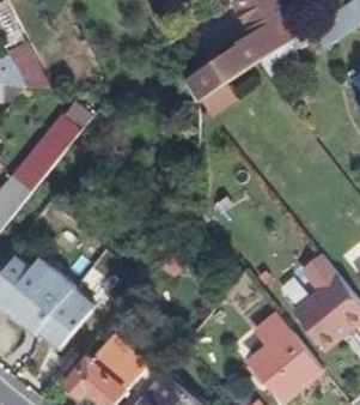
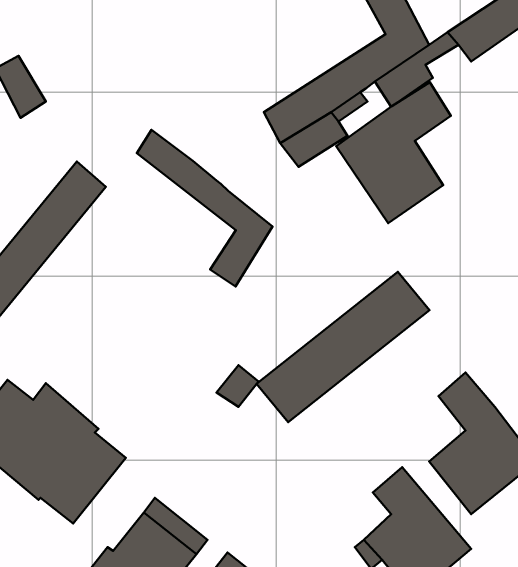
building: none -> [336,82,451,223]
building: none -> [137,130,273,286]
building: none -> [257,272,429,422]

